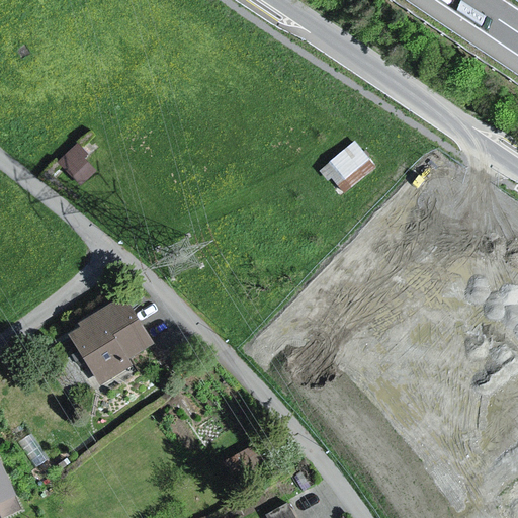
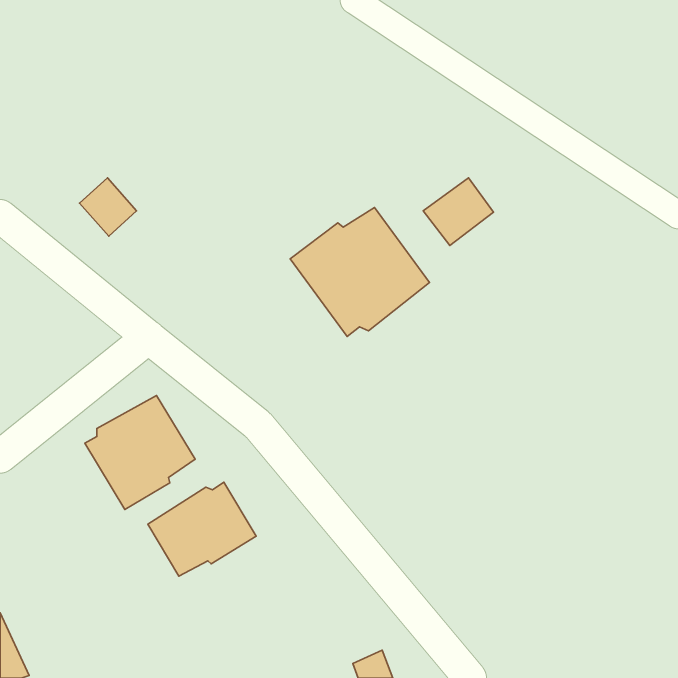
building: none -> [290,208,429,337]
building: none -> [148,482,256,576]

